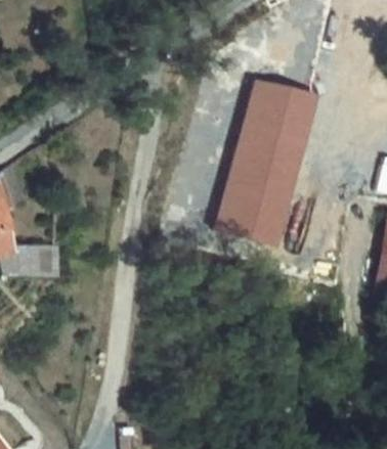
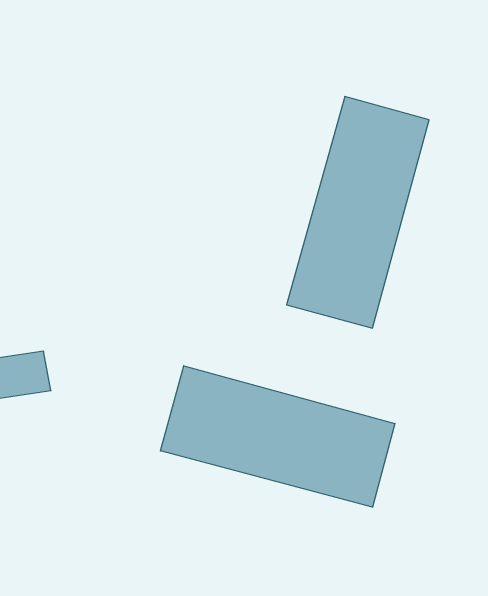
building: none -> [160,366,395,507]

